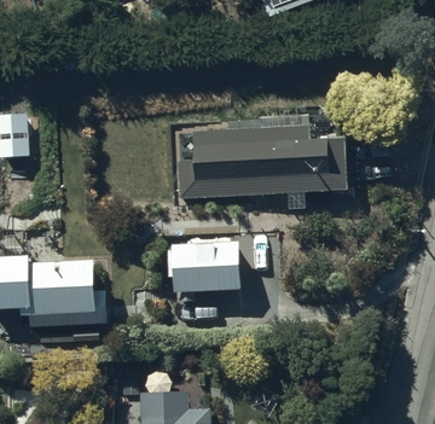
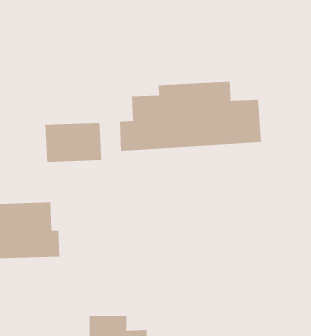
building: [170,243,239,291] -> [44,122,102,163]

